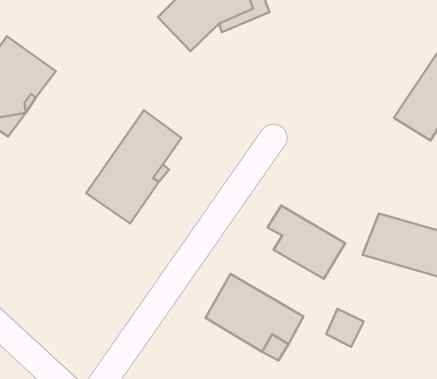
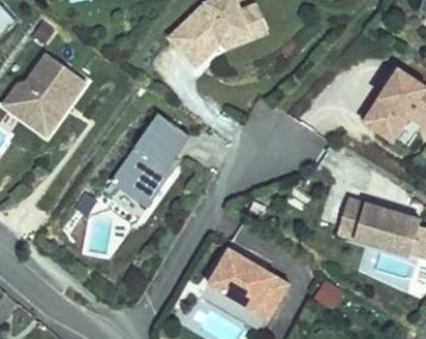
building: [267,206,345,279] -> none

